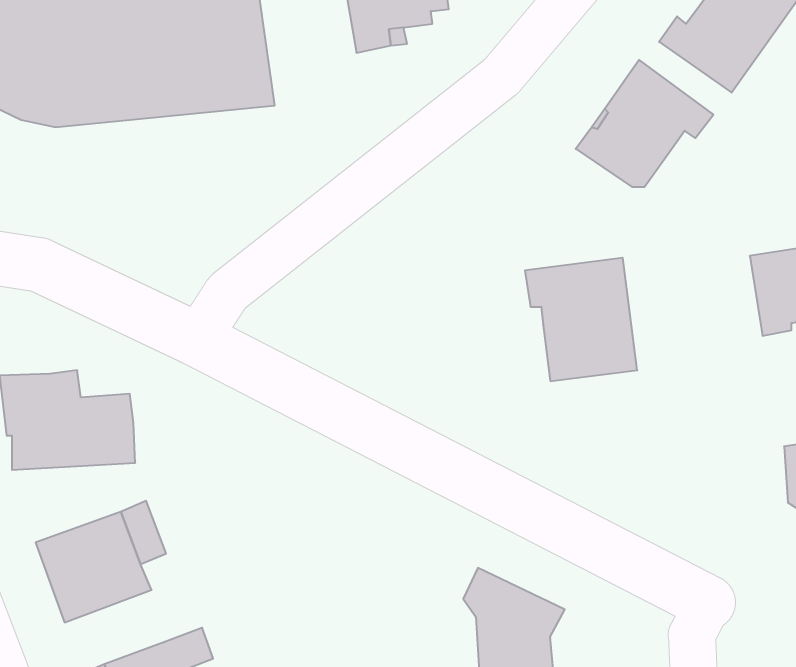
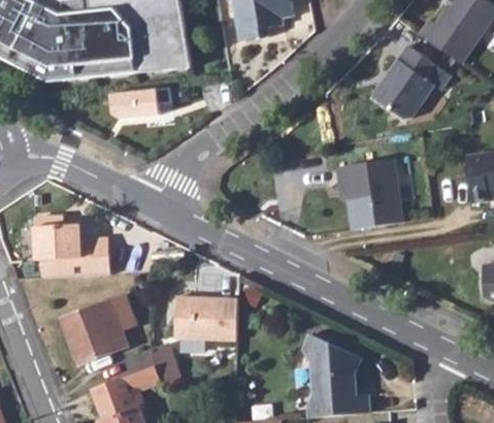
building: none -> [117,88,177,119]
building: none -> [178,294,243,339]
building: none -> [126,345,180,385]

